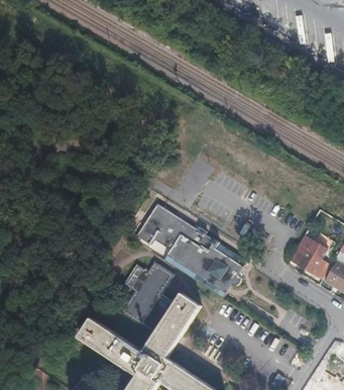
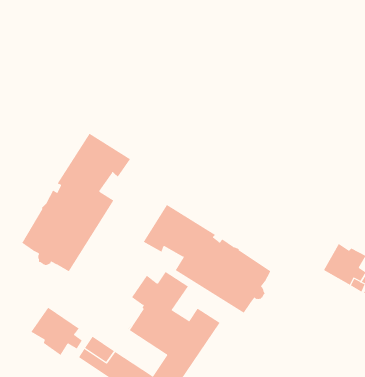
building: none -> [22,133,131,272]
building: none -> [31,307,83,356]

